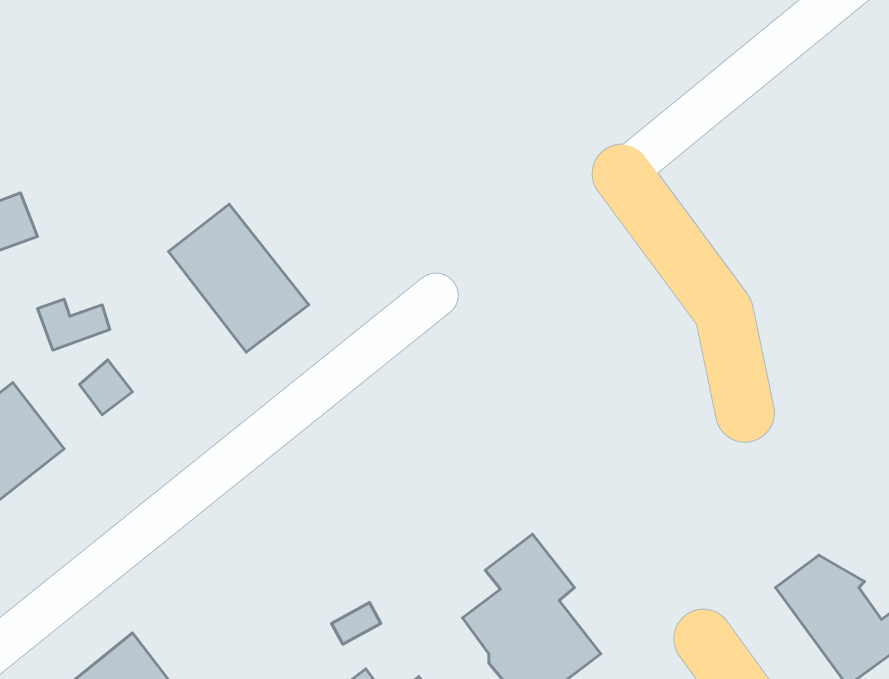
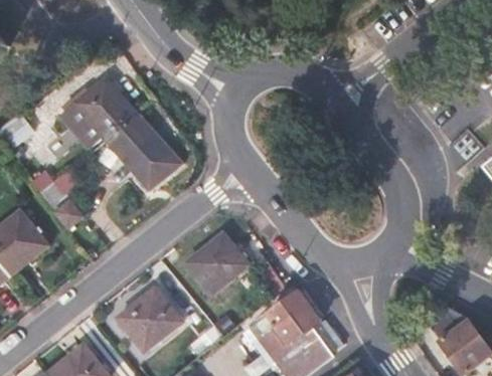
building: none -> [59,80,136,150]
building: none -> [186,232,250,294]
building: none -> [116,288,180,352]

